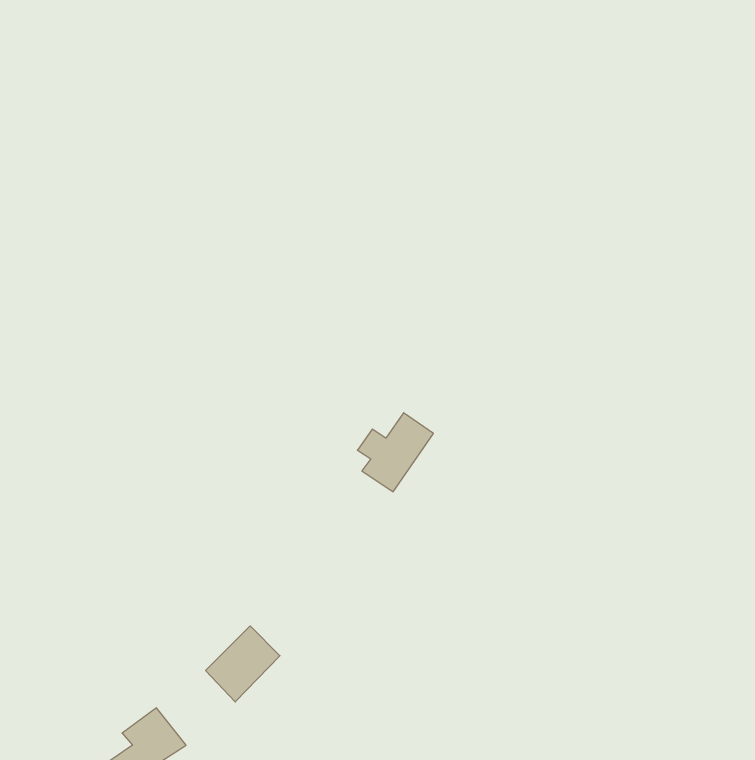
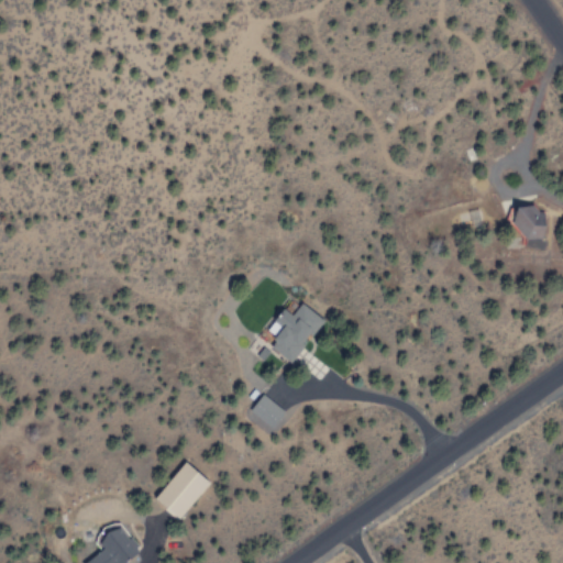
building: none -> [512,207,550,242]
building: none -> [250,395,286,430]

